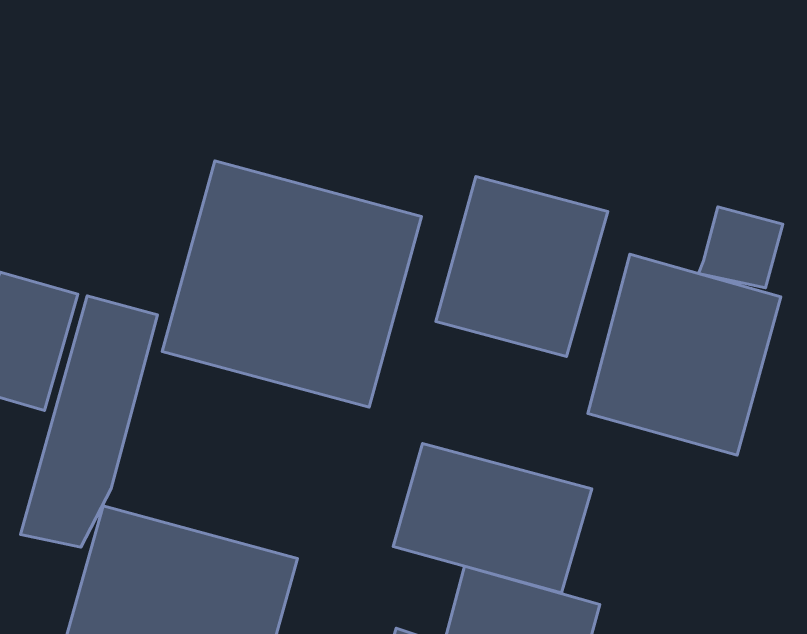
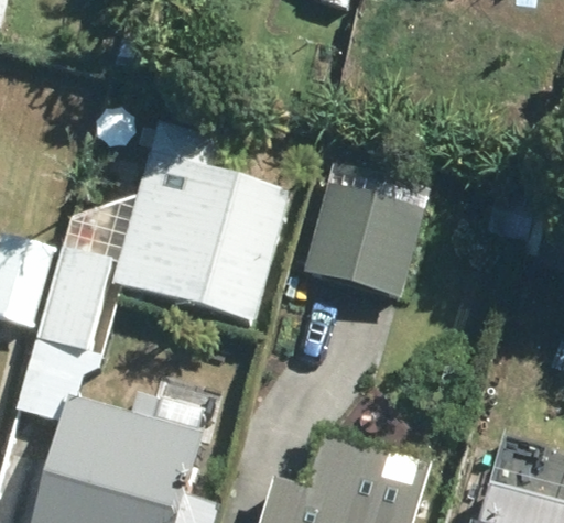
building: [588,254,781,455] -> none
building: [393,444,592,593] -> none

